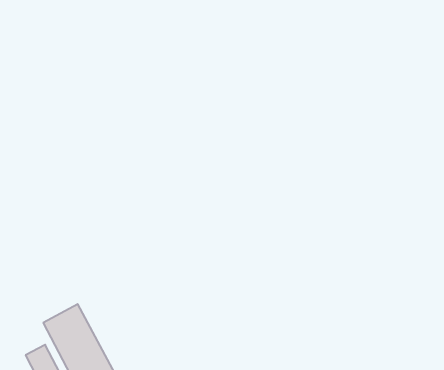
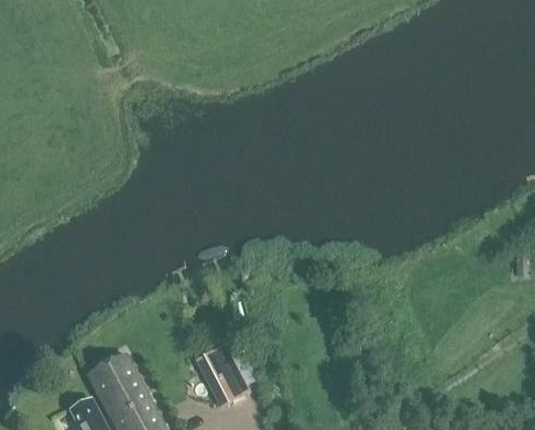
building: none -> [195,344,251,409]

